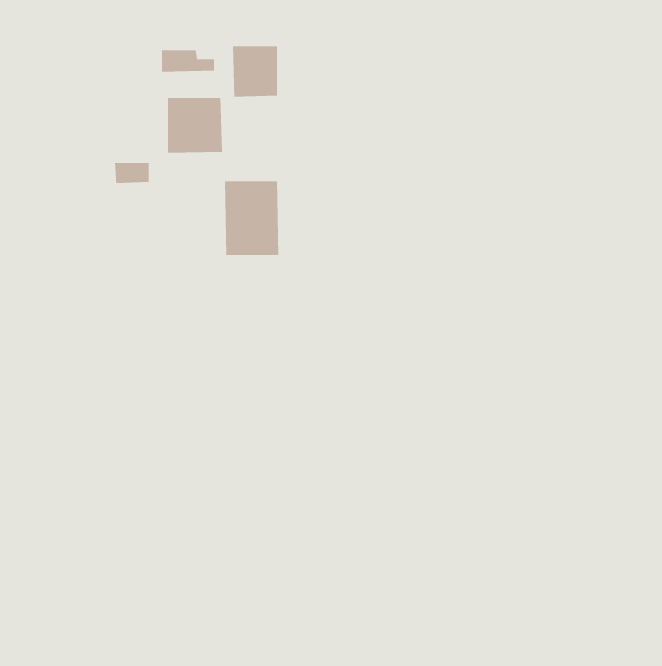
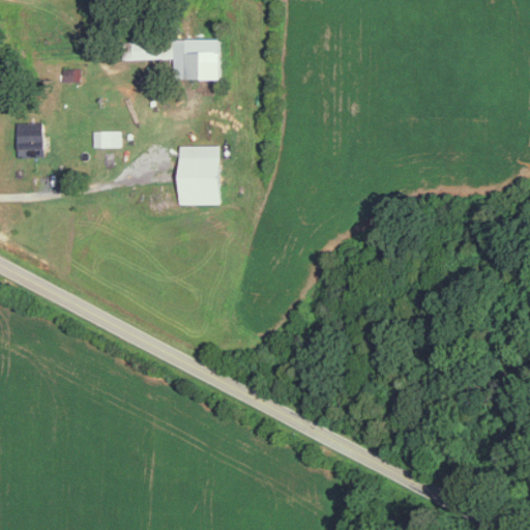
building: [168,97,222,154] -> none
building: none -> [13,123,41,156]

